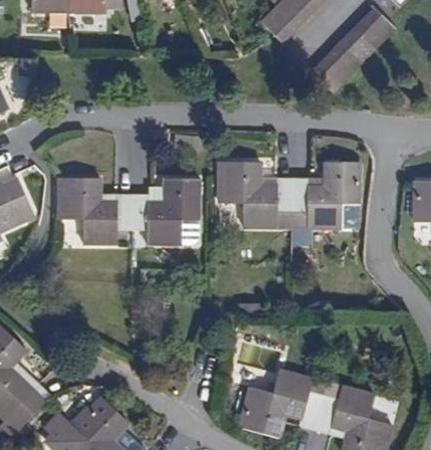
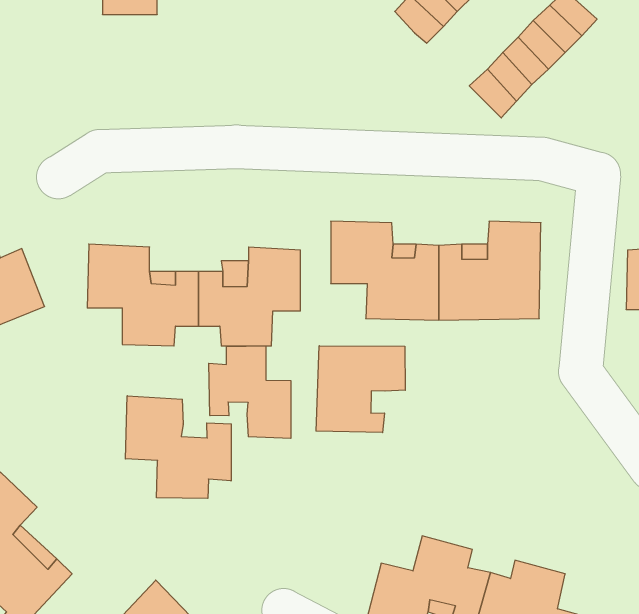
building: none -> [316,346,405,433]
building: none -> [209,346,291,438]
building: none -> [125,396,231,498]

